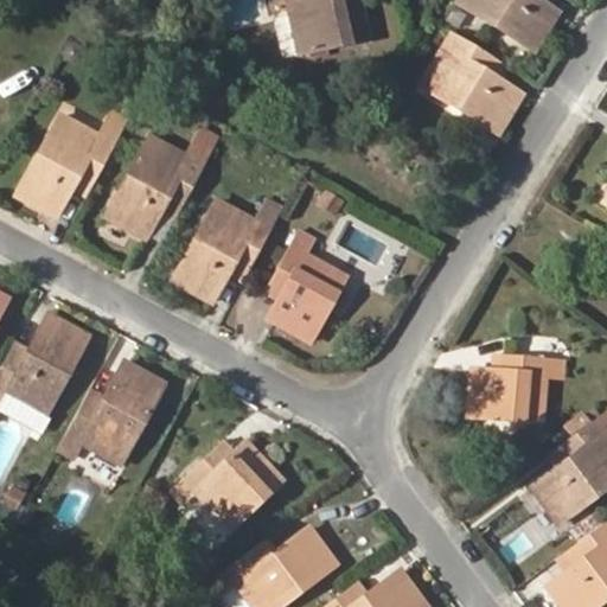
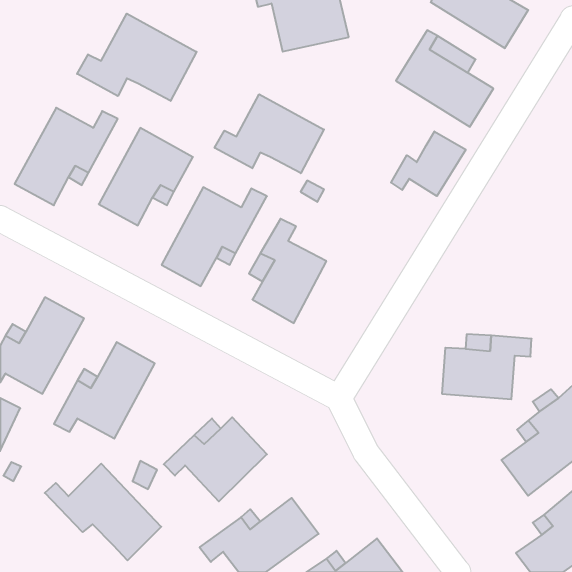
building: none -> [77,14,197,101]
building: none -> [215,94,324,173]
building: none -> [391,131,466,196]
building: none -> [45,464,161,560]

